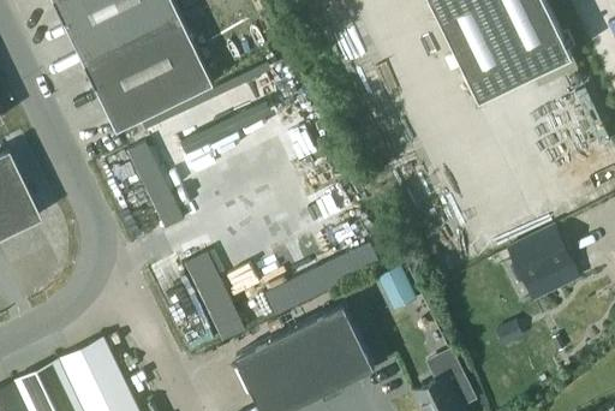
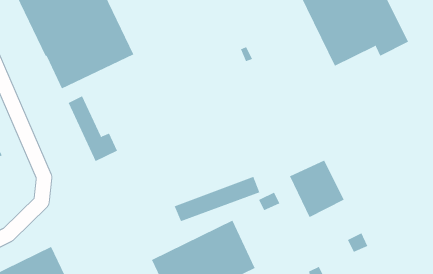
building: [507,226,580,303] -> [289,160,345,218]
building: [184,249,245,339] -> none

